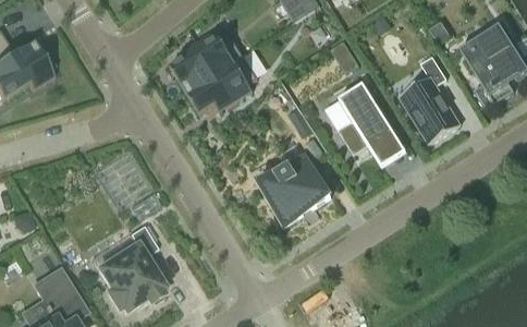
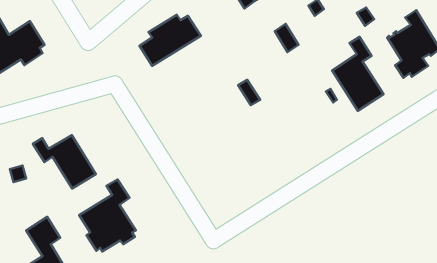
building: [185,53,258,113] -> none
building: [338,83,406,166] -> none
building: [258,153,331,223] -> none
building: none -> [33,135,96,189]

